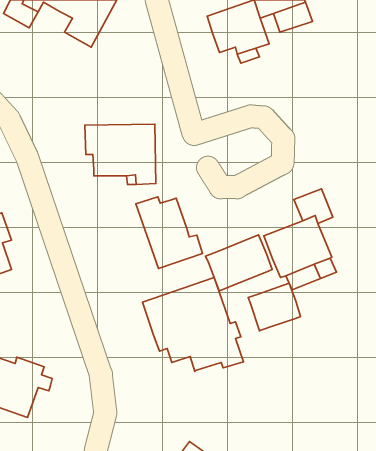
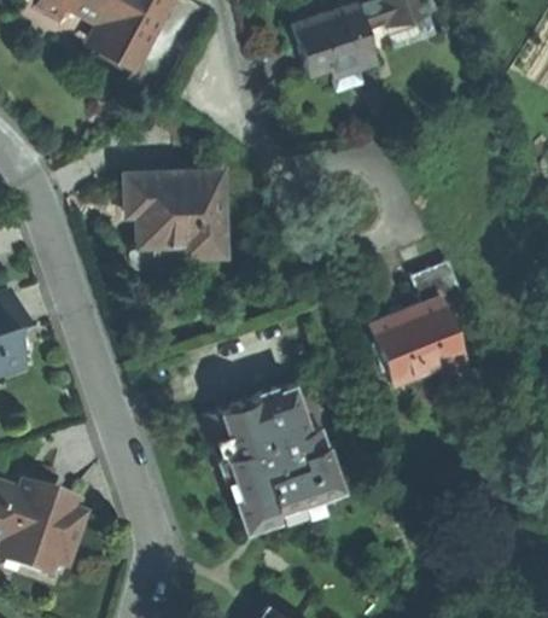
building: [136,197,203,269] -> none
building: [206,235,272,291] -> none
building: [248,283,301,331] -> none
building: none -> [237,486,281,529]

